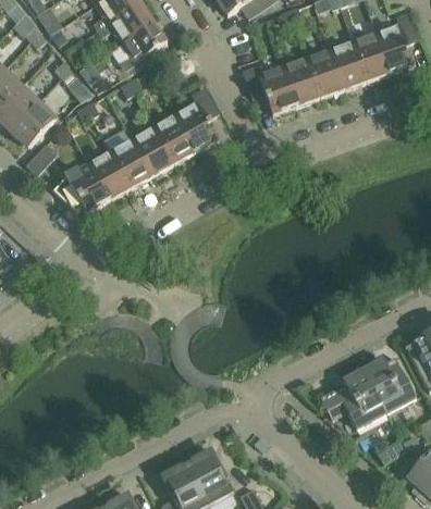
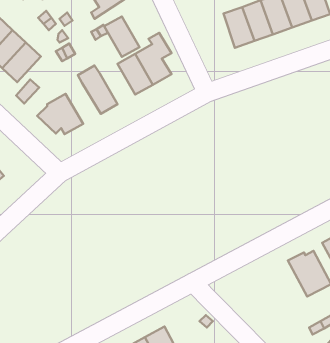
building: [243,63,297,114] -> none
building: [131,125,174,175] -> [104,16,139,57]
building: [88,149,132,199] -> none
building: [320,368,386,429] -> none

